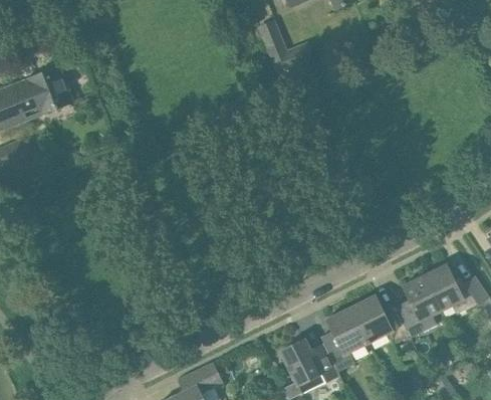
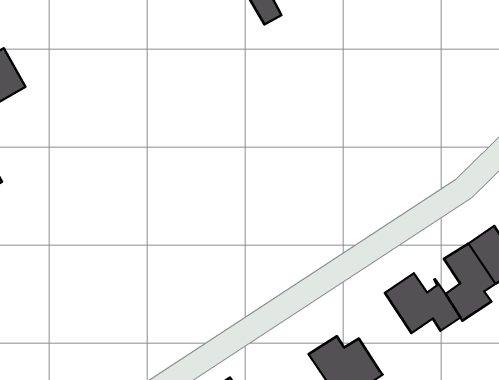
building: [319,308,366,372] -> none

